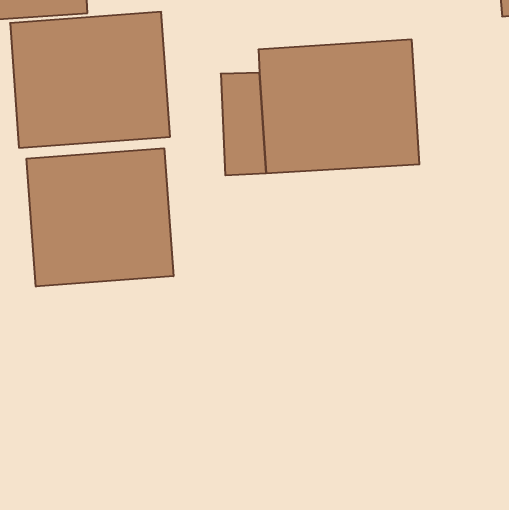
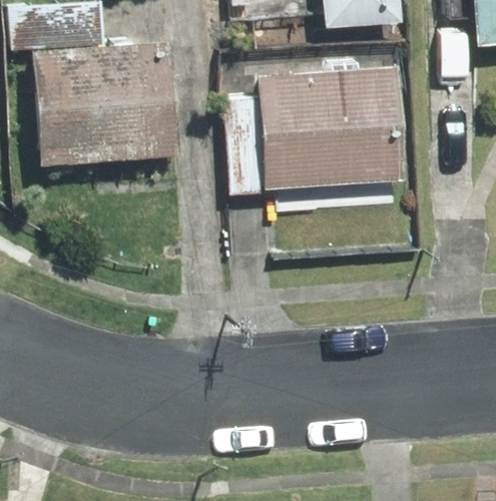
building: [27,148,173,287] -> none

